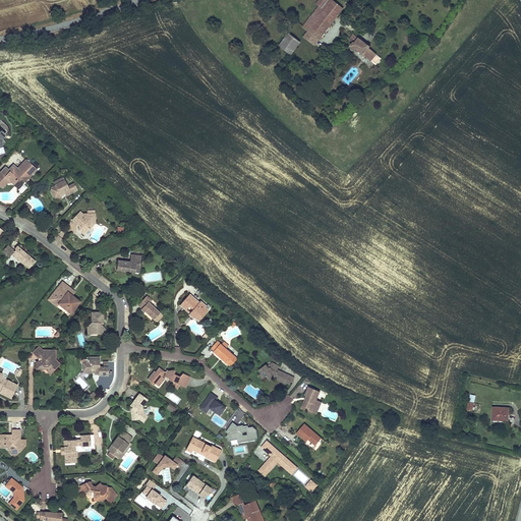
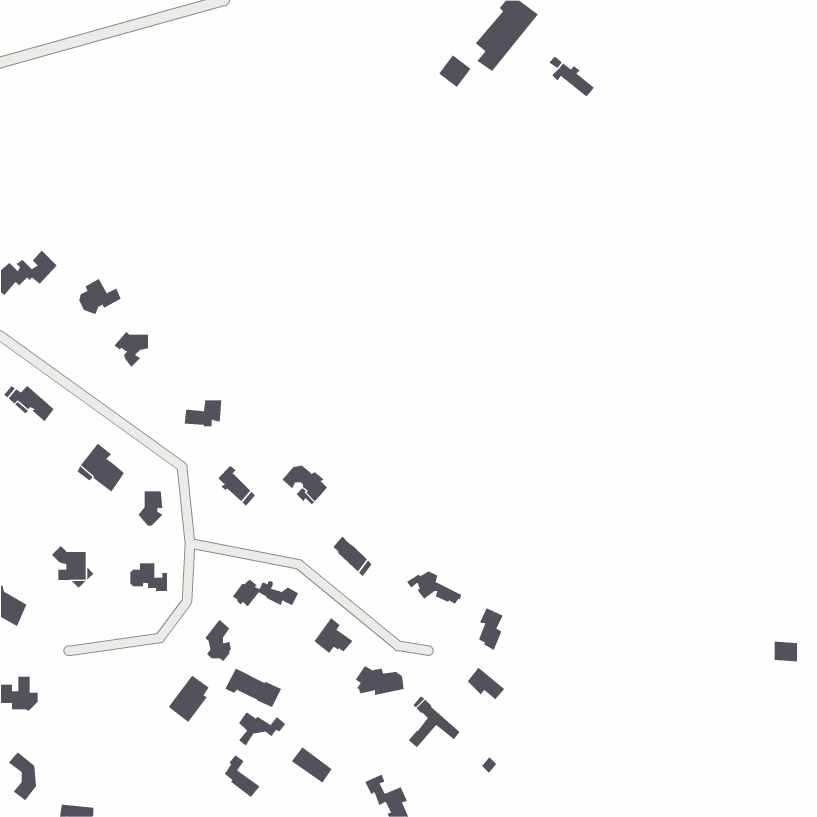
building: [63,436,94,464] -> none
building: [185,437,222,462] -> [224,668,282,708]
building: [79,482,115,505] -> none

